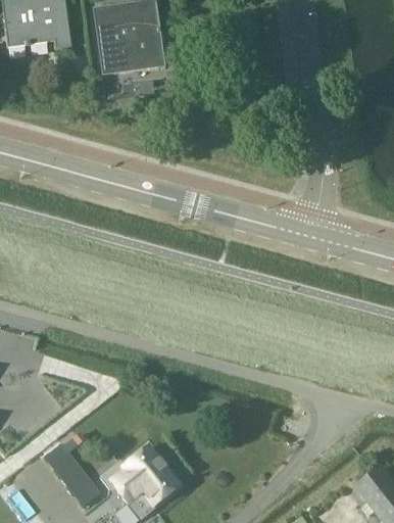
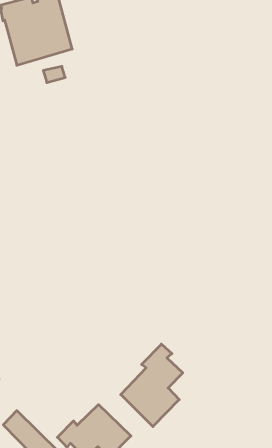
building: none -> [121,344,183,427]

